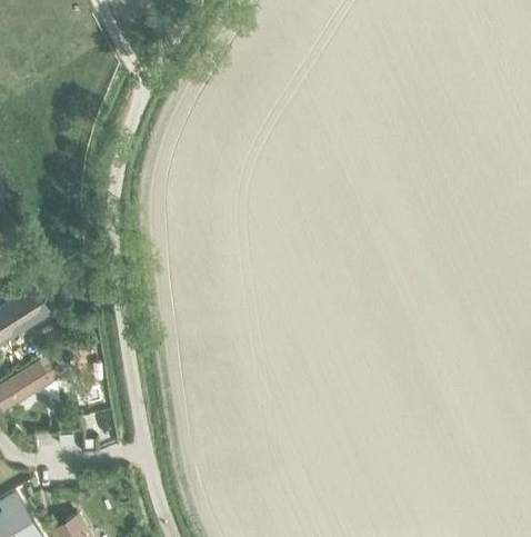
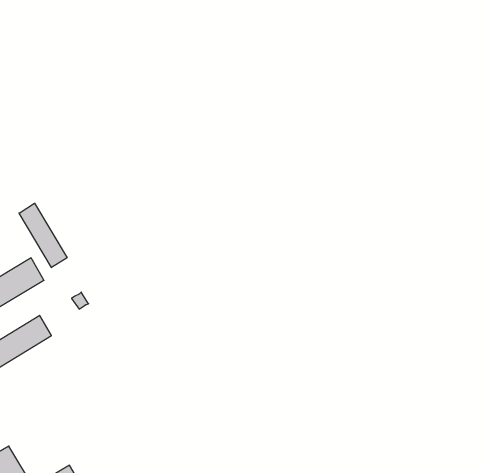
building: none -> [19,203,67,268]

